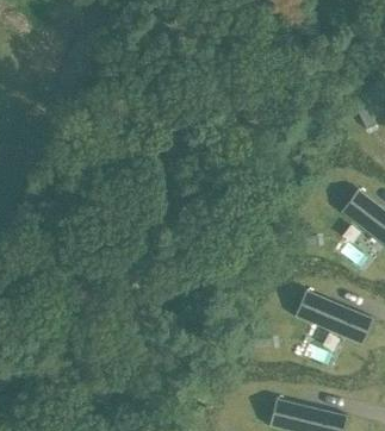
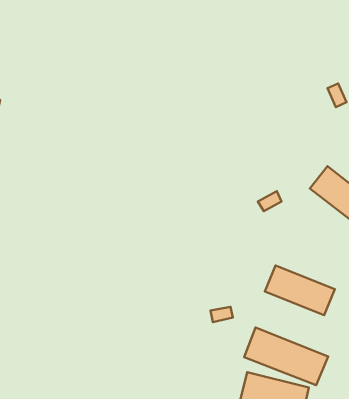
building: none -> [244,328,328,385]

